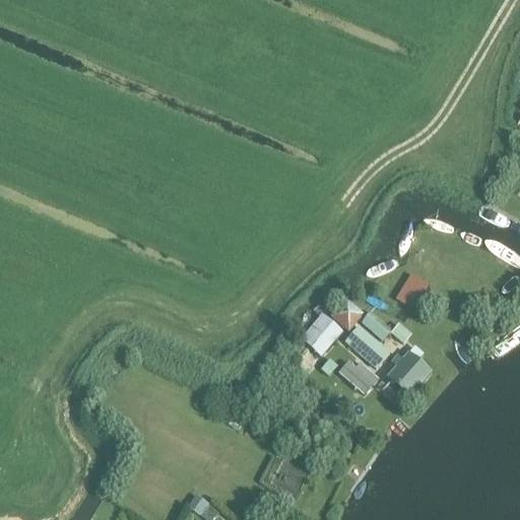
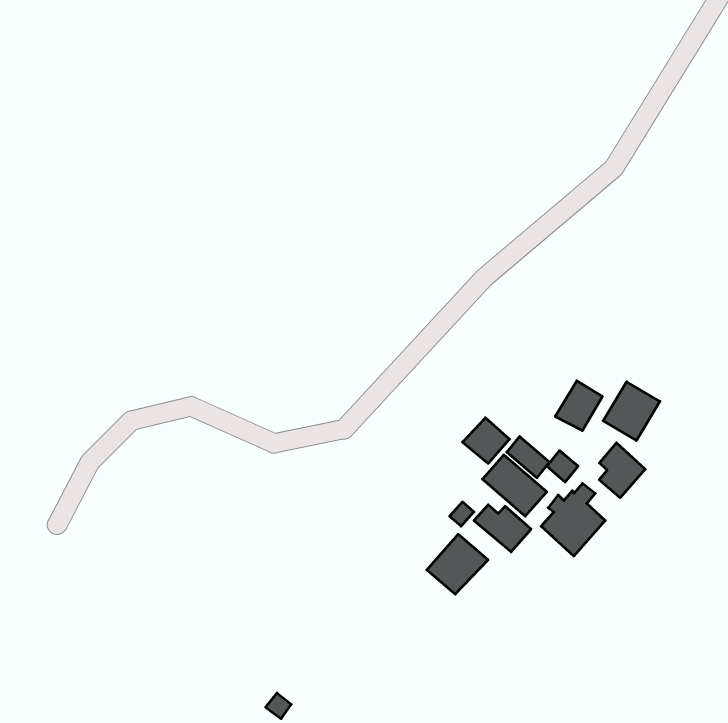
building: none -> [603,382,660,441]
building: [300,313,343,355] -> [427,534,488,594]
building: none -> [599,443,645,498]

